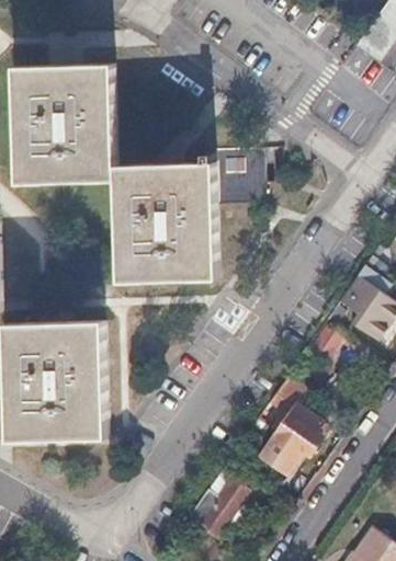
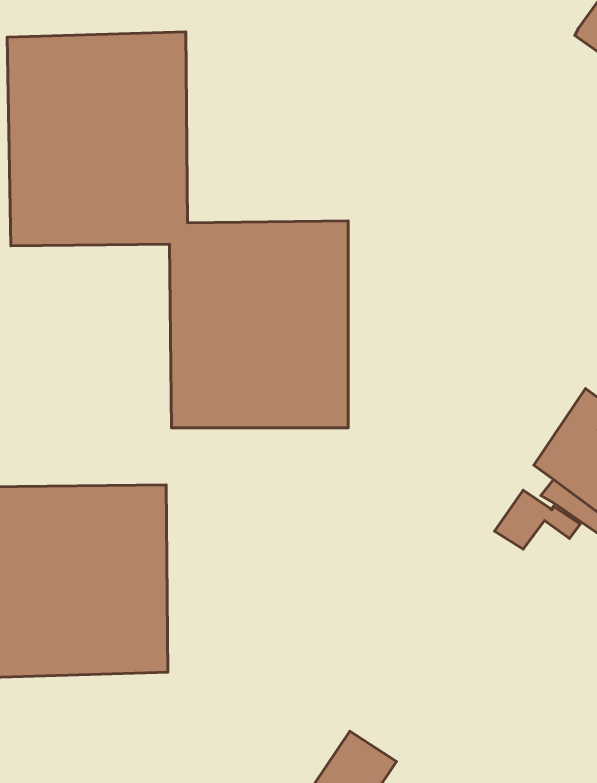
building: [264,379,325,474] -> none

